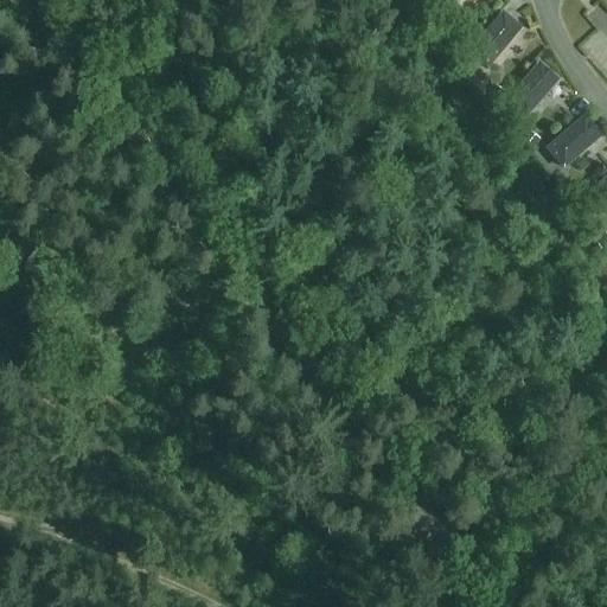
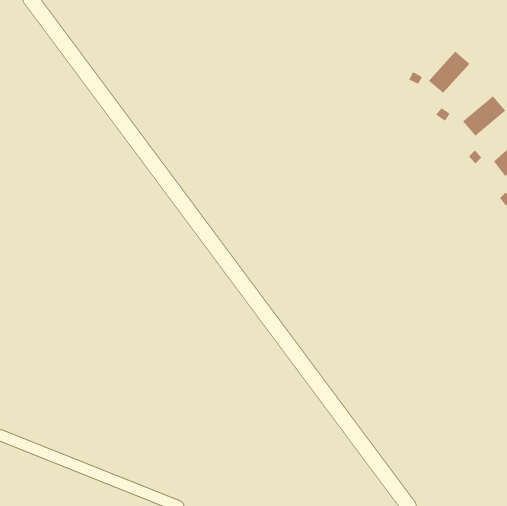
building: [473,9,526,63] -> none

